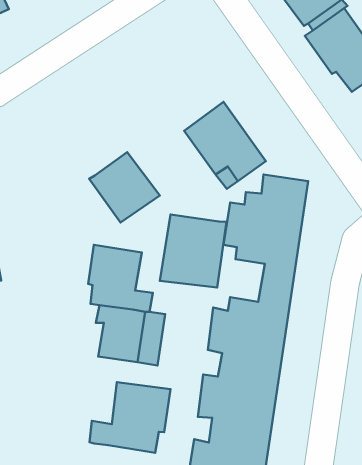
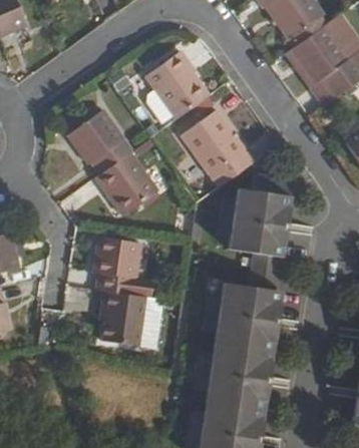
building: none -> [147,51,209,127]
building: none -> [70,111,133,174]
building: [160,214,227,288] -> none
building: [89,382,171,453] -> none

